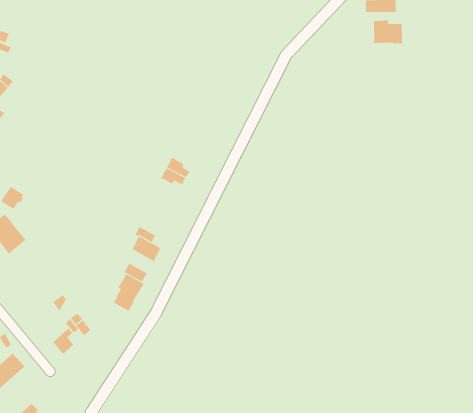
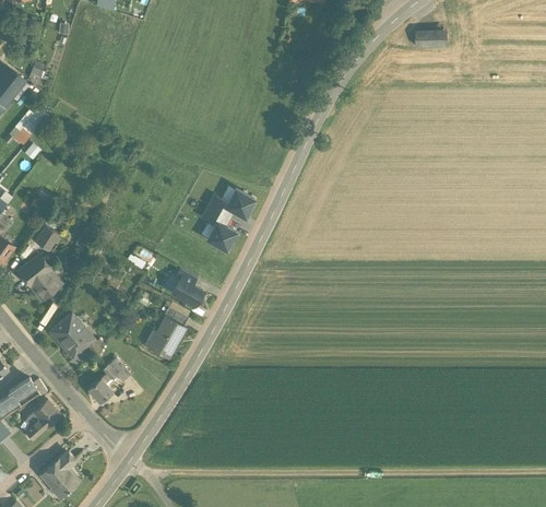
building: [374,20,403,44] -> none
building: none -> [224,188,252,216]
building: none -> [205,220,235,248]
building: none -> [50,314,86,356]

